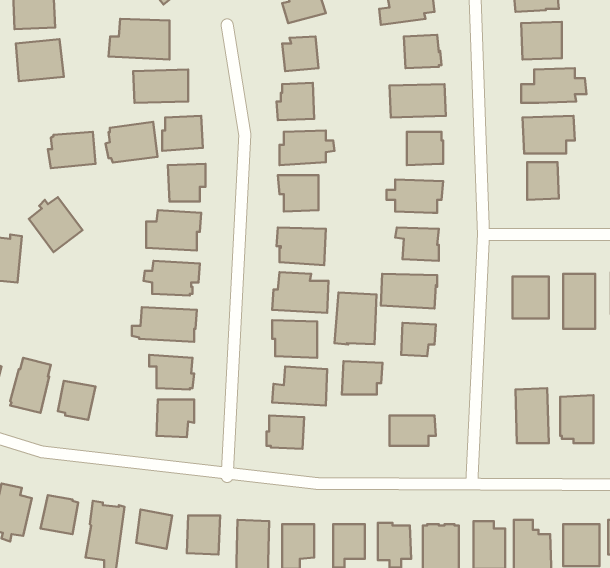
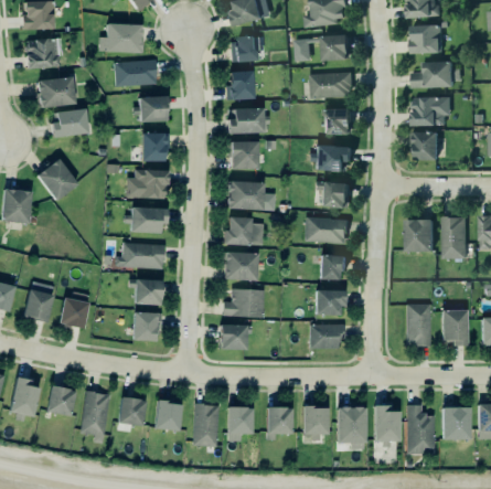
building: [106,122,158,162] -> [35,76,75,107]
building: [335,292,376,345] -> none
building: [342,361,383,395] -> [314,289,345,315]

